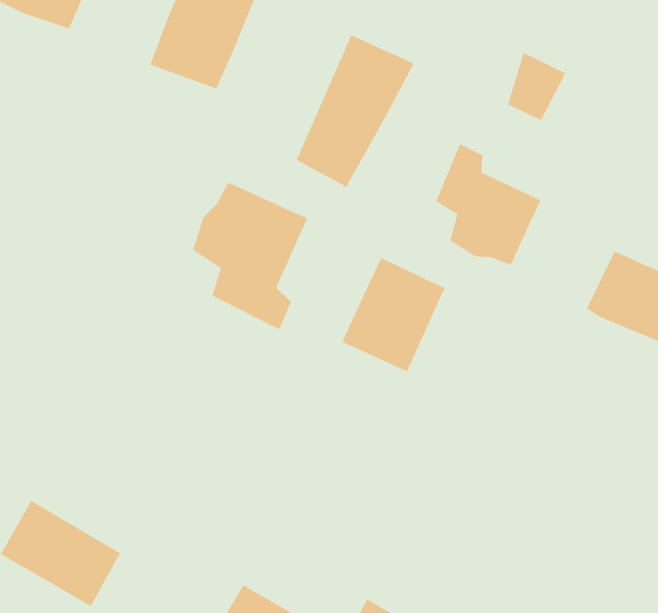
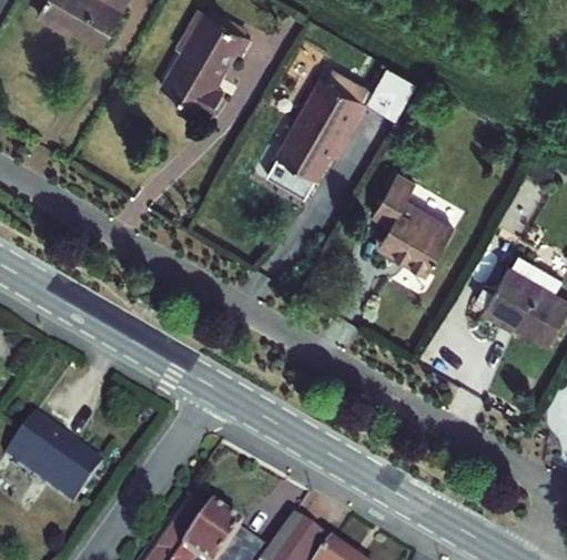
building: [507,52,566,121] -> [369,62,418,118]
building: [193,182,308,330] -> none
building: [342,257,445,372] -> none

